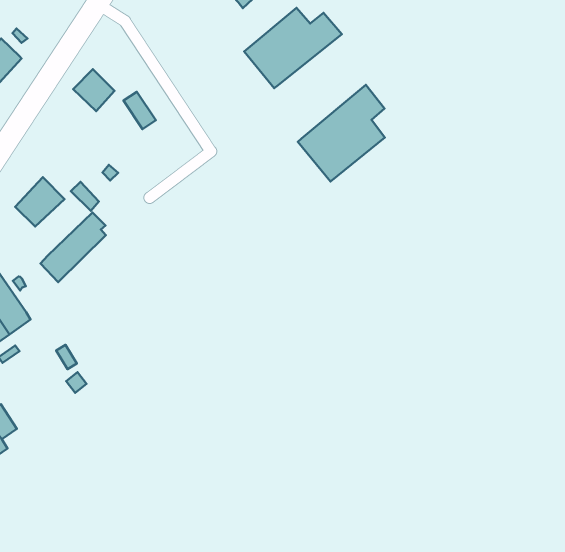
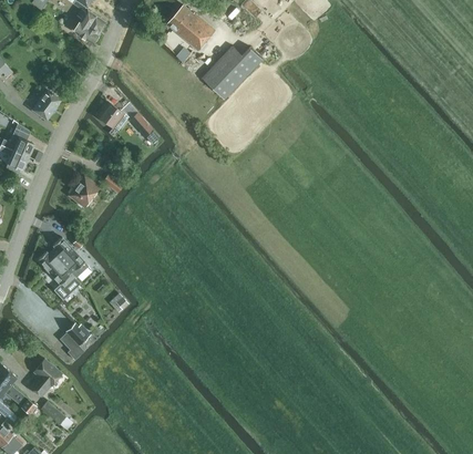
building: [298,85,385,181] -> none
building: [41,213,106,282] -> none

